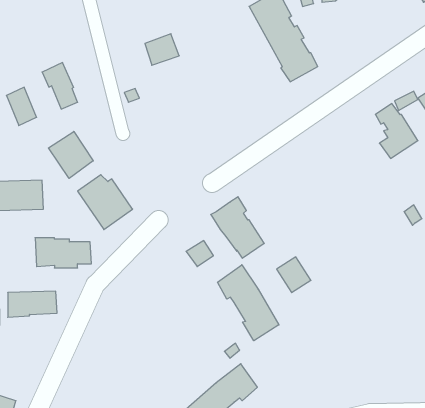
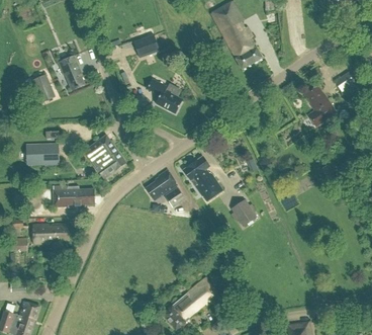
building: none -> [146,79,182,114]
building: [48,131,93,178] -> none
building: none -> [145,169,176,199]
building: [218,265,279,341] -> none

